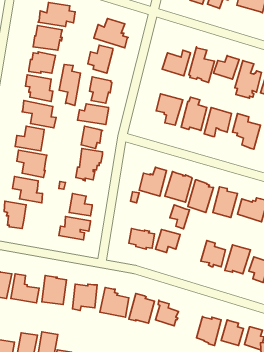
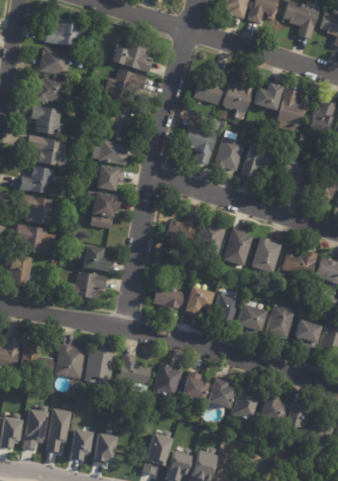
building: [59,64,81,106] -> none
building: [170,205,190,229] -> [215,293,238,322]
building: none -> [211,378,238,408]

